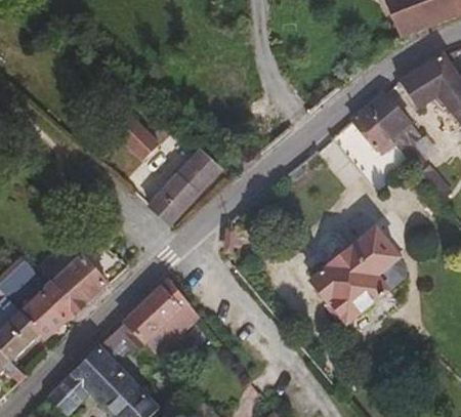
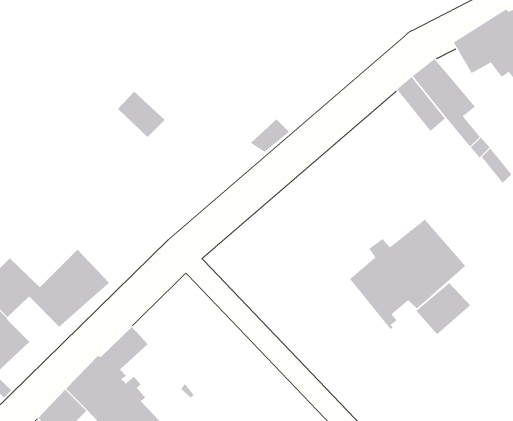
building: [148,150,218,223] -> none
building: [126,278,199,355] -> none
building: none -> [415,282,471,335]
building: [20,295,65,338] -> none

